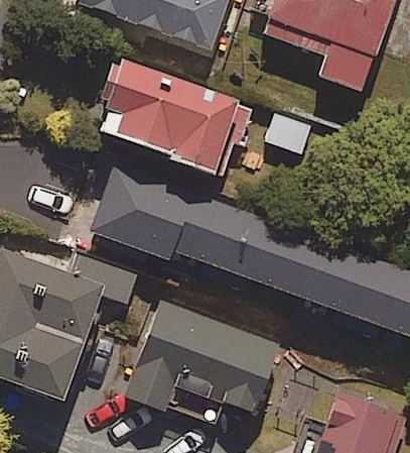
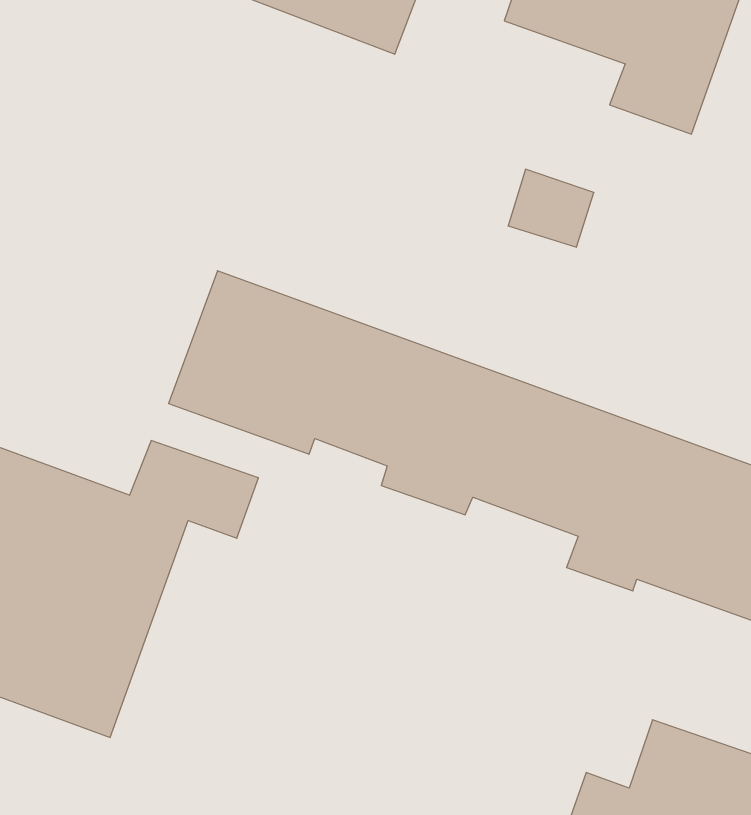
building: [96,61,238,179] -> none
building: [128,301,279,425] -> none

